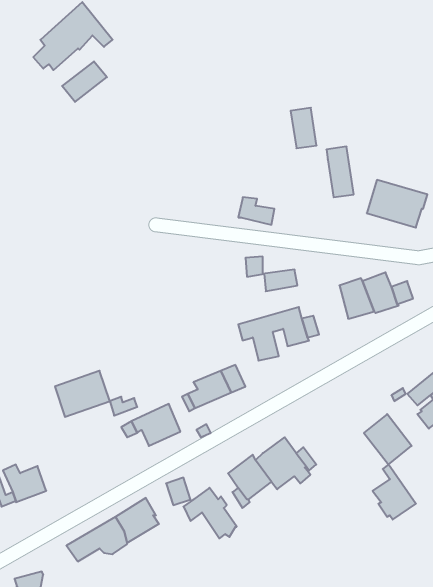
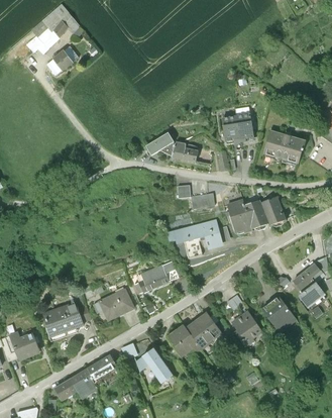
building: [291,108,317,148] -> [222,117,240,145]
building: none -> [147,133,177,158]
building: none -> [227,200,252,232]
building: [55,371,110,417] -> [44,302,83,334]
building: [373,465,416,520] -> [231,303,261,341]

